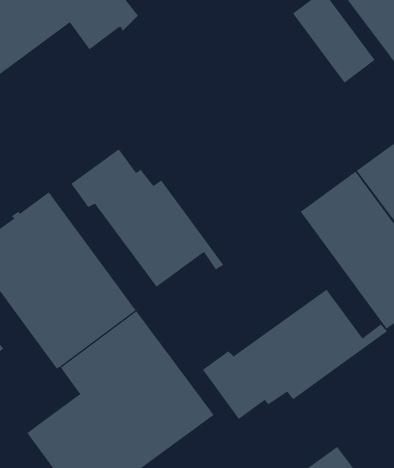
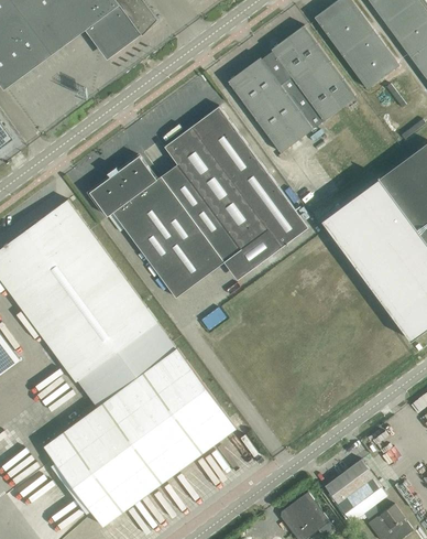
building: none -> [228,25,357,153]
building: none -> [165,107,308,274]
building: [202,289,388,420] -> none

